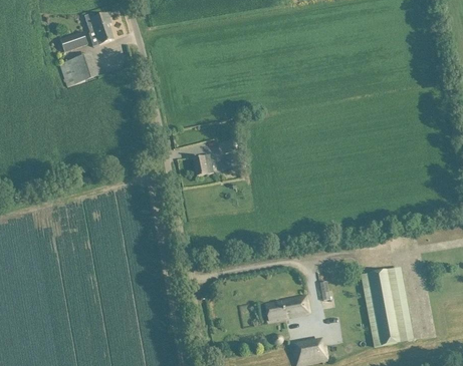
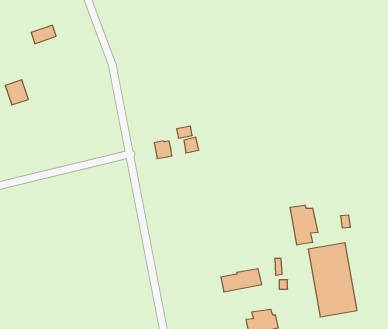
building: [84,12,113,43] -> none
building: [60,57,85,84] -> [5,80,28,105]
building: none -> [290,205,318,245]

